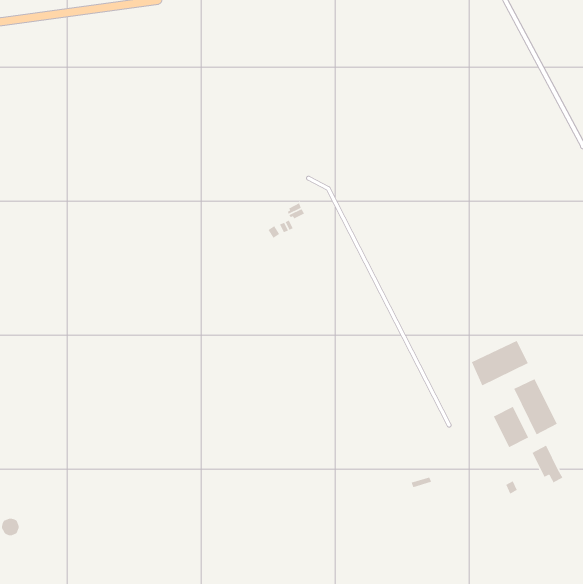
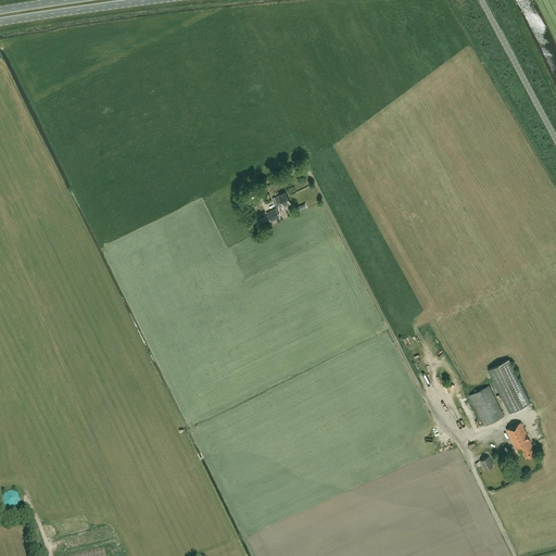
building: [471,340,529,387] -> none

